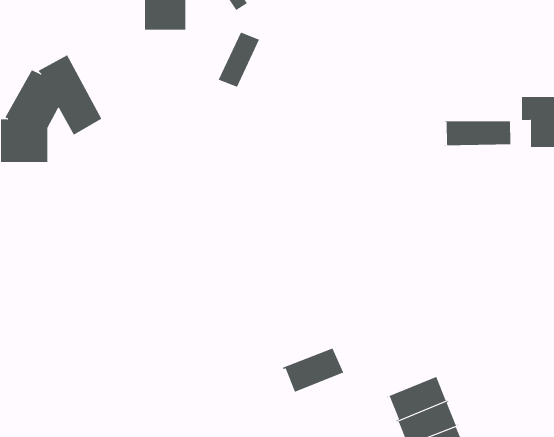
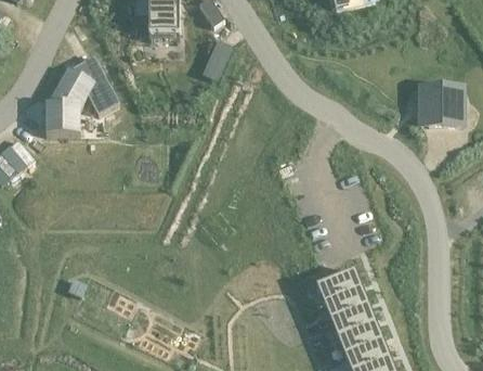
building: [443,120,514,146] -> none
building: [282,347,345,393] -> [315,270,361,304]

